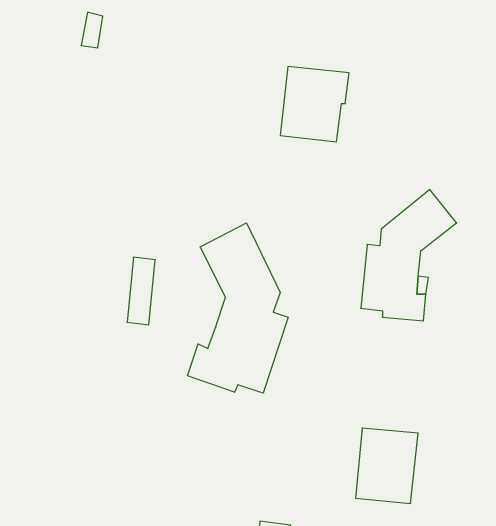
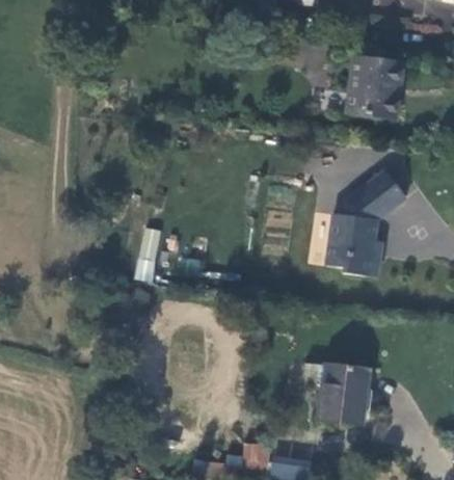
building: [280,67,349,142] -> [342,57,398,118]
building: [187,223,288,393] -> none

